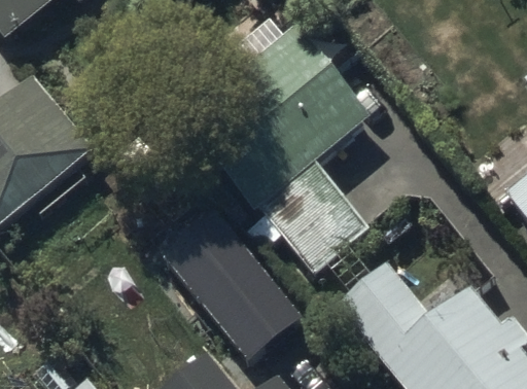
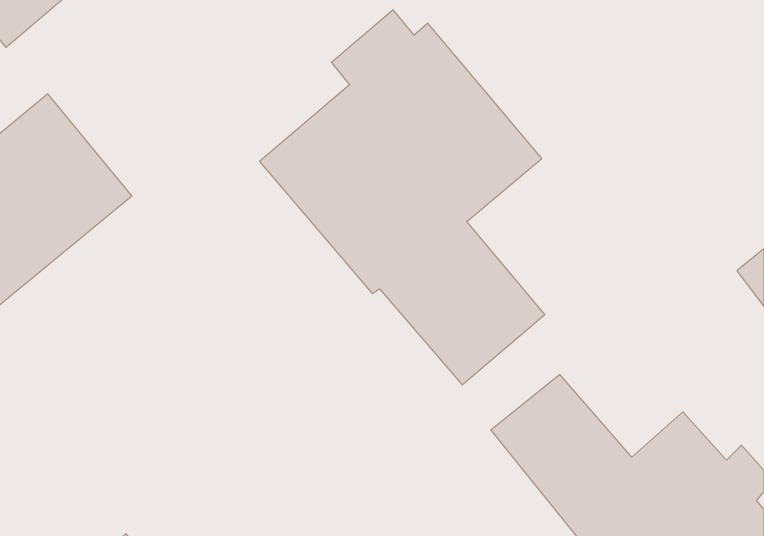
building: [165,209,306,358] -> none

